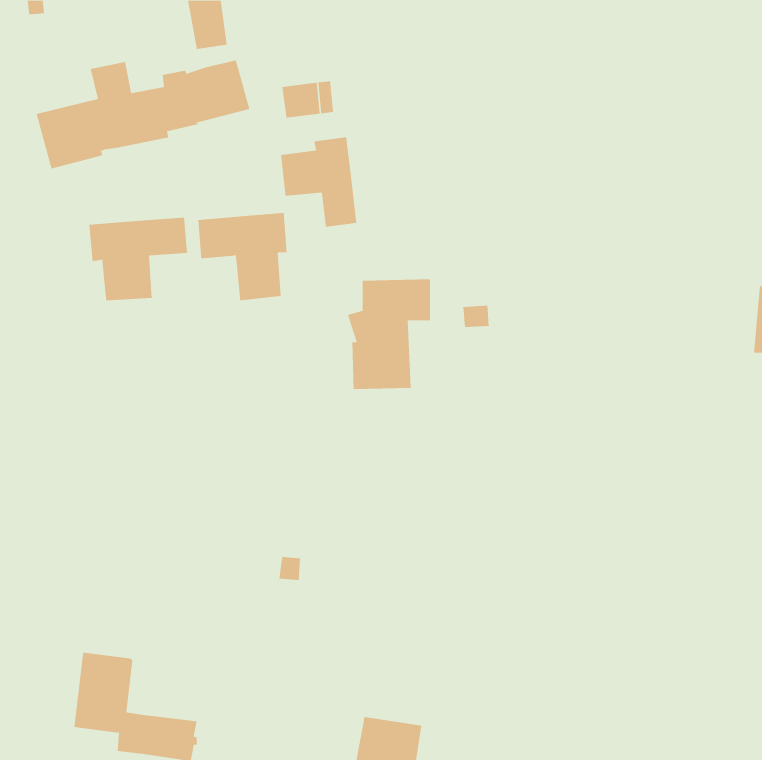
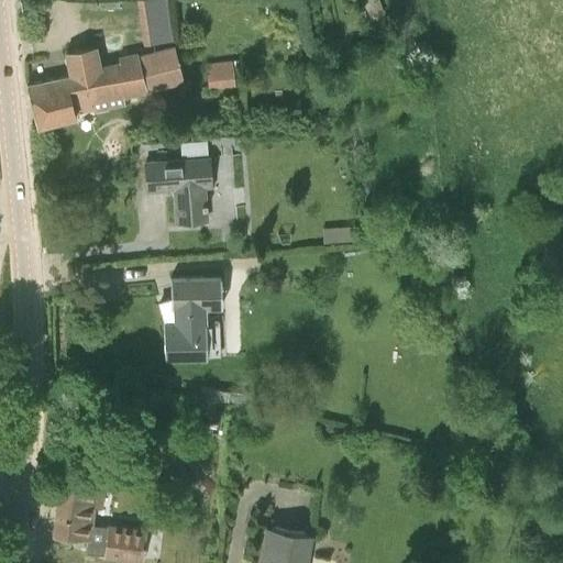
building: [281,136,357,228] -> none
building: [89,217,188,301] -> none
building: [347,279,431,390] -> [162,278,223,360]

